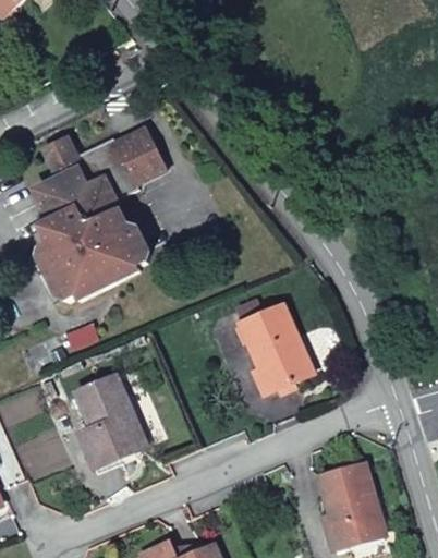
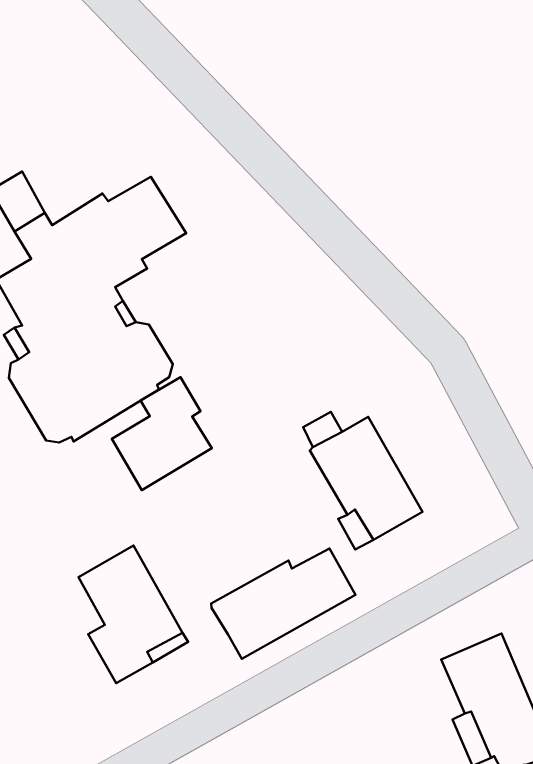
building: none -> [112,377,212,490]
building: none -> [211,548,355,659]

